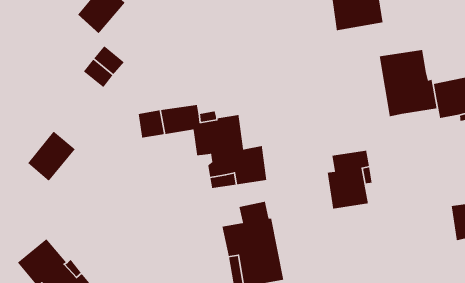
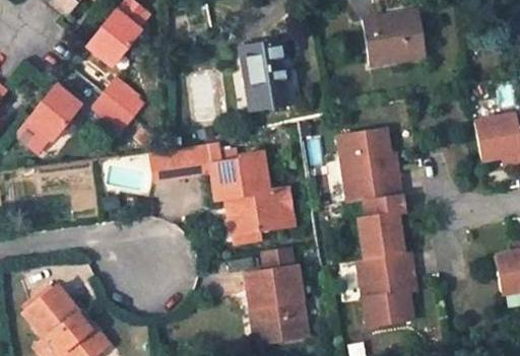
building: none -> [244,42,290,109]
building: [379,49,438,117] -> [339,128,403,202]
building: [27,130,76,182] -> [28,86,81,142]
building: none -> [359,251,418,326]

